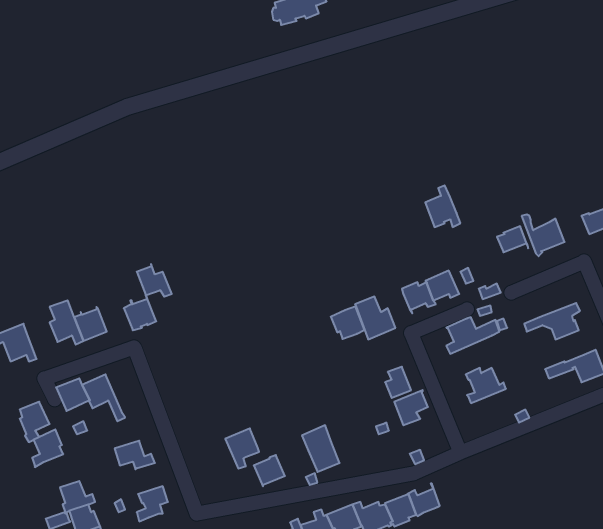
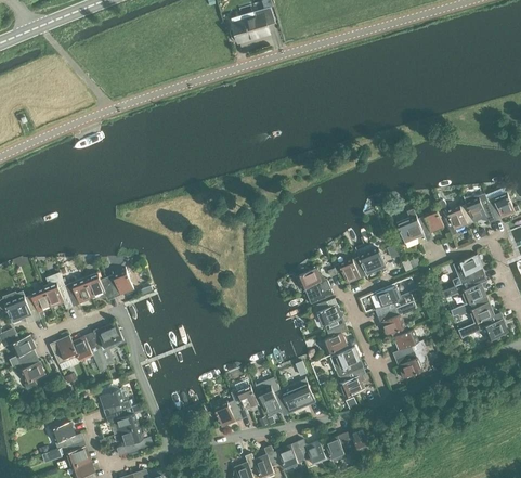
building: [425,185,460,227] -> [396,209,426,244]
building: none -> [464,195,495,223]
building: [137,264,172,297] -> [84,272,114,299]
building: none -> [451,255,483,286]
building: [331,306,365,339] -> [316,305,344,332]
building: none -> [25,290,51,321]
building: none -> [451,299,490,324]
building: none -> [378,301,416,336]
building: none -> [91,322,123,366]
building: none -> [394,346,427,378]
building: none -> [339,367,365,397]
building: [225,428,259,469] -> [230,385,258,418]
building: none -> [279,379,315,413]
building: [32,429,63,467] -> [10,336,36,367]
building: none -> [114,404,142,434]

